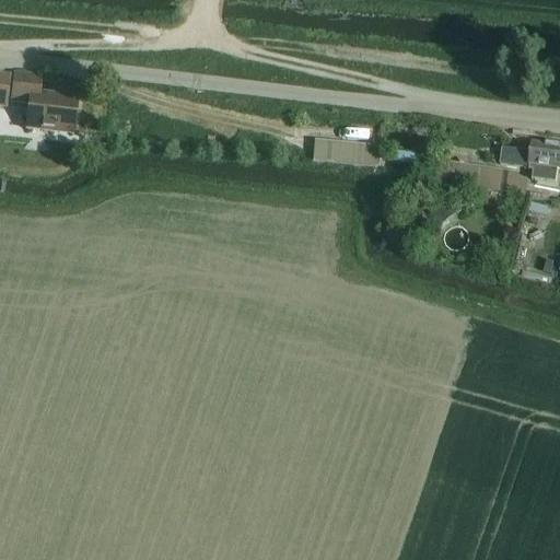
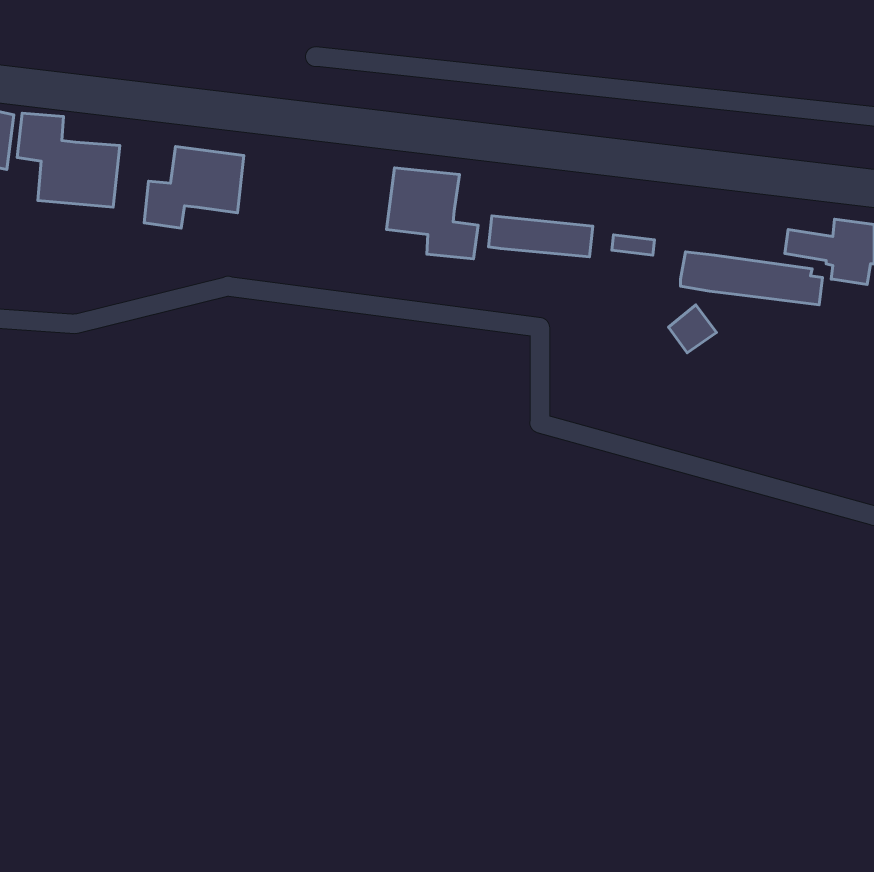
building: none -> [144,146,244,228]
building: none -> [387,168,478,259]

